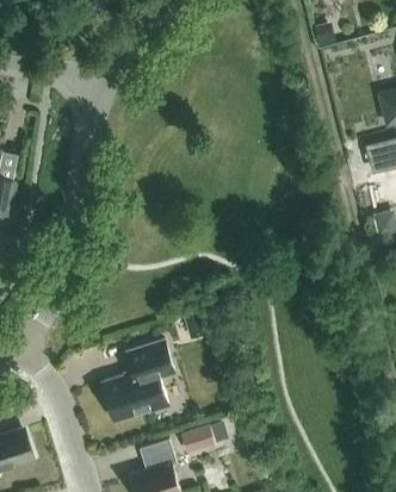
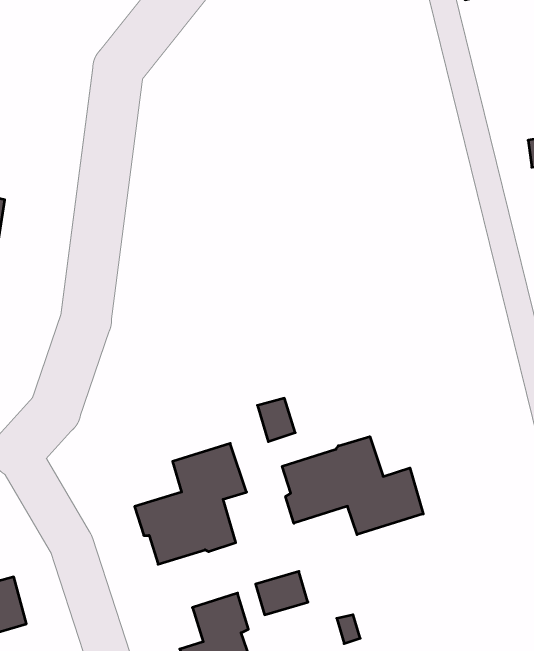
building: none -> [282,437,423,535]

